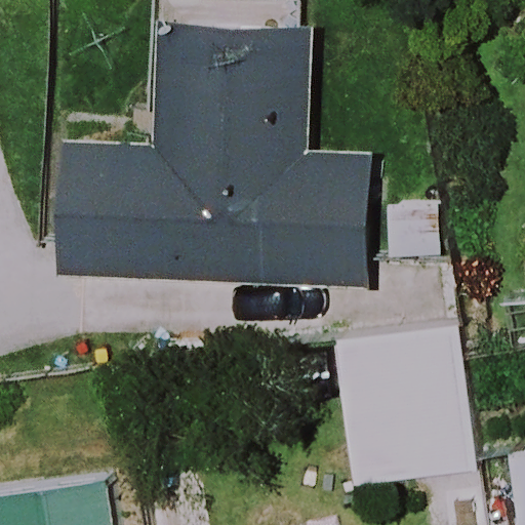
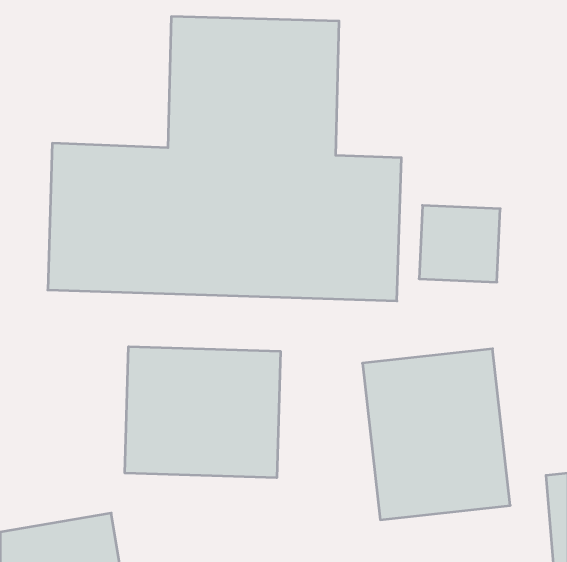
building: none -> [125,347,280,478]

